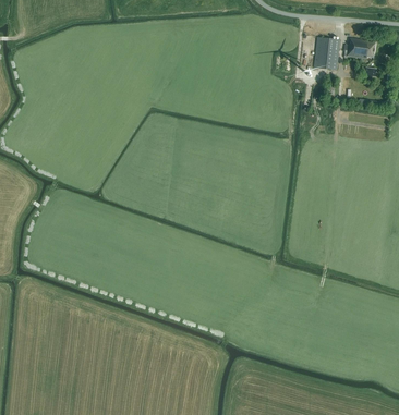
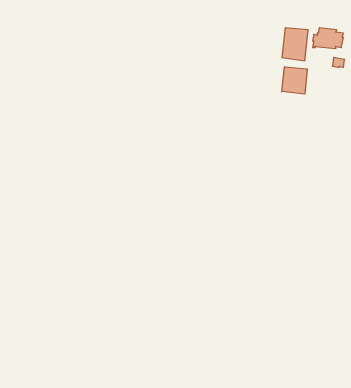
building: none -> [282,67,307,94]

